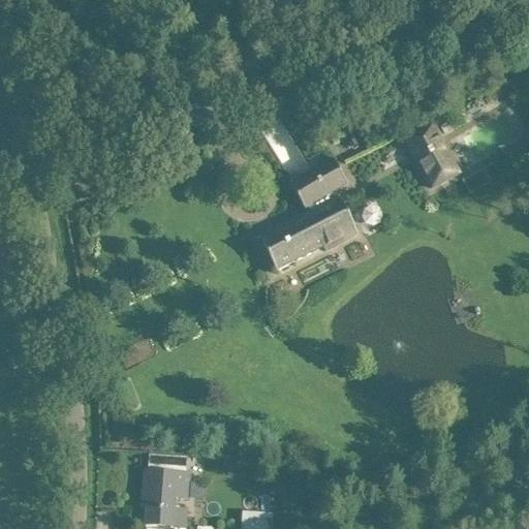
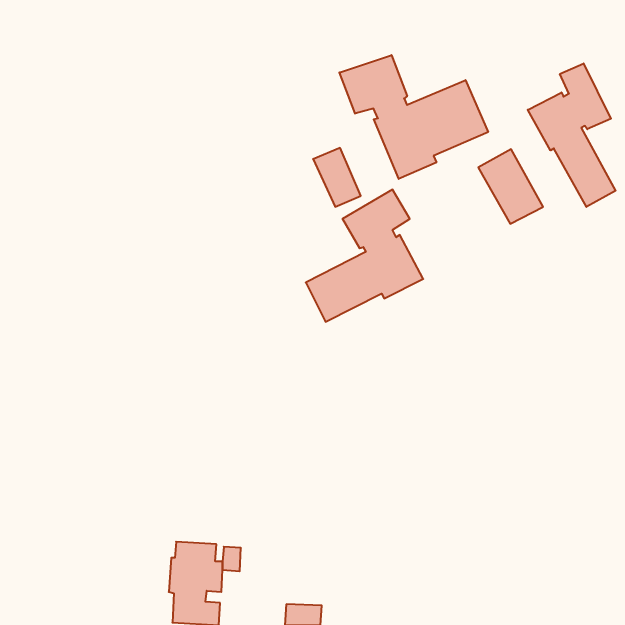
building: none -> [339,55,488,179]
building: none -> [528,63,616,207]

